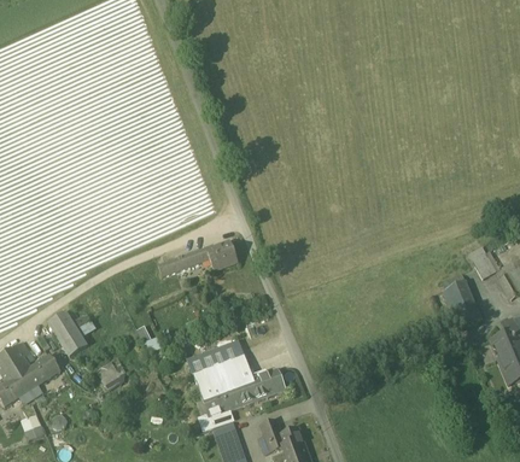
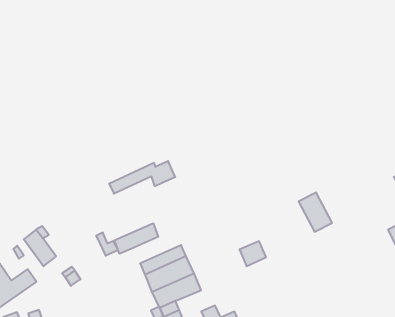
building: [440,281,479,328] -> [299,192,332,232]
building: none -> [114,223,158,254]
building: [252,368,284,397] -> [239,241,266,266]

